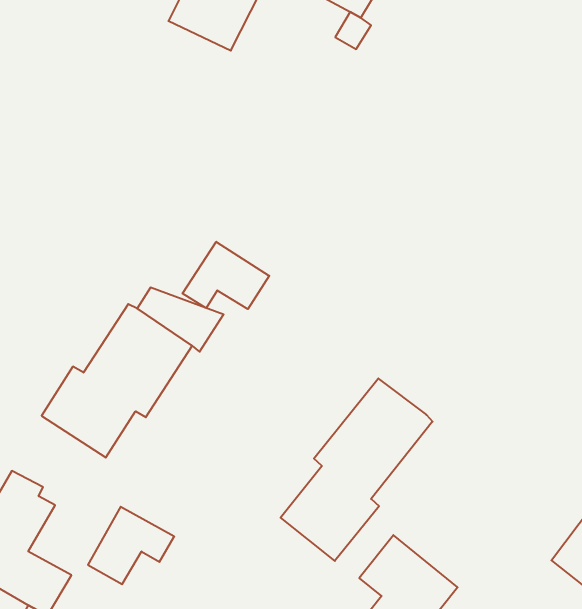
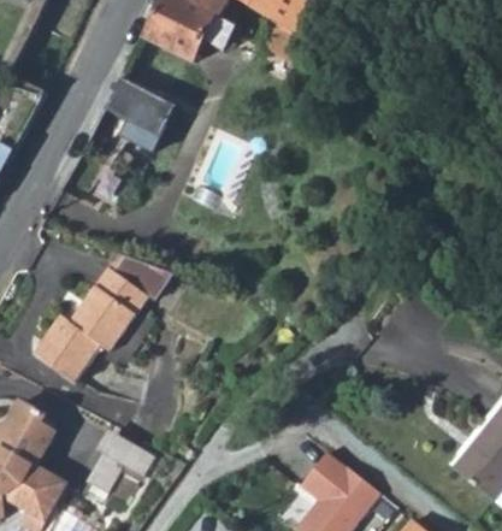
building: none -> [106,71,179,147]
building: [183,242,269,309] -> none
building: [281,378,433,561] -> none

